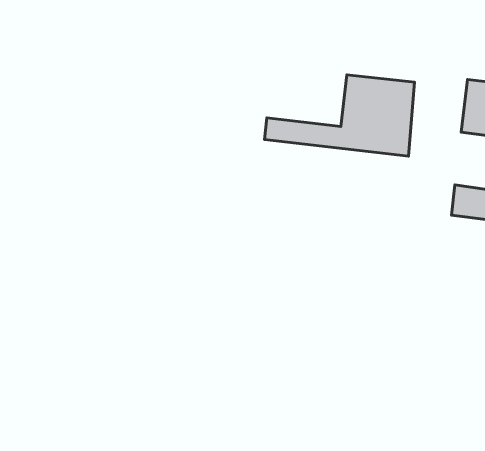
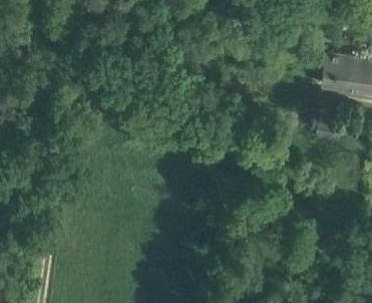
building: [264,75,415,156] -> none

